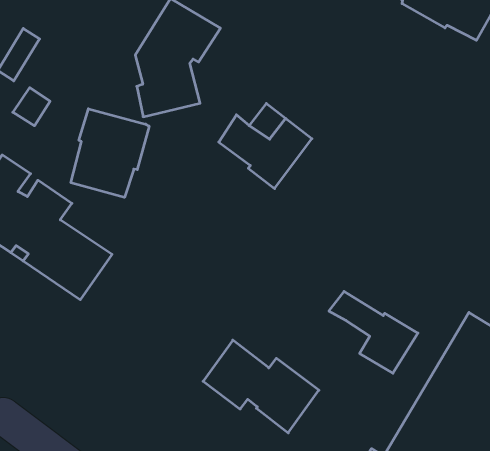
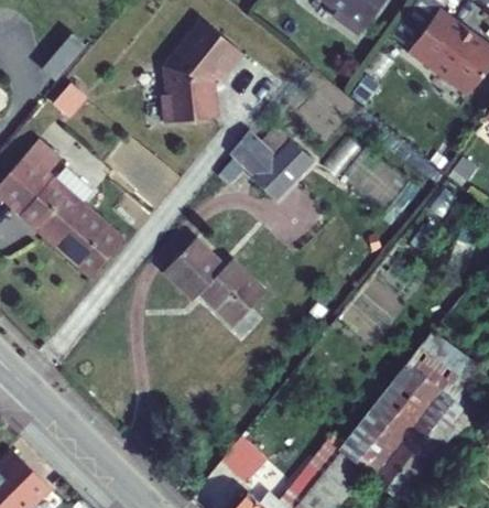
building: [71,109,149,197] -> none
building: [329,291,418,373] -> none
building: [203,340,319,433] -> [164,239,265,327]

